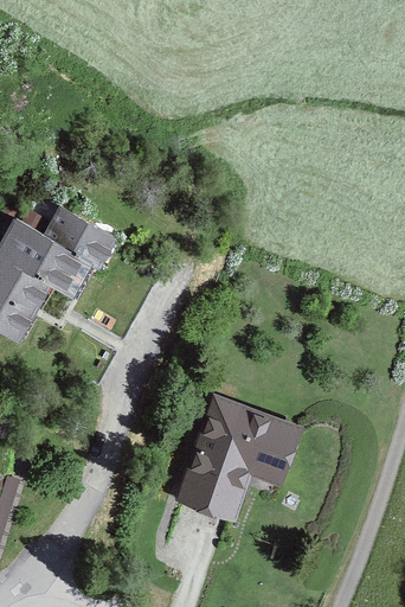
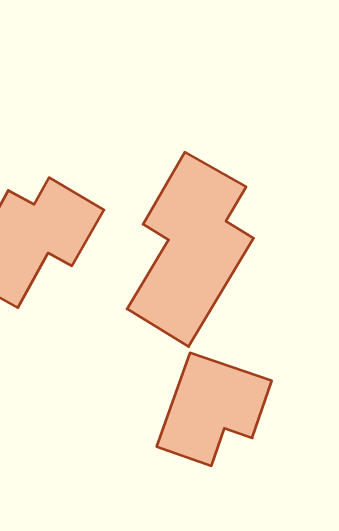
building: none -> [127,152,254,347]

